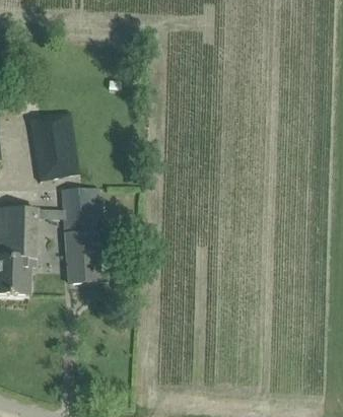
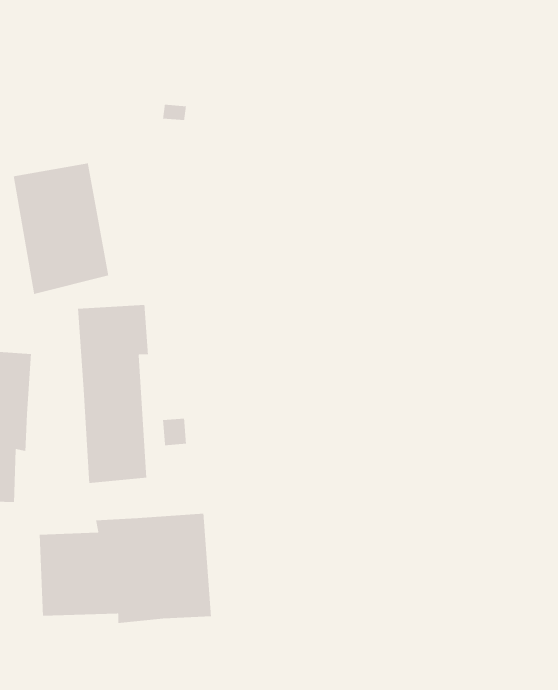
building: none -> [39,513,212,624]

